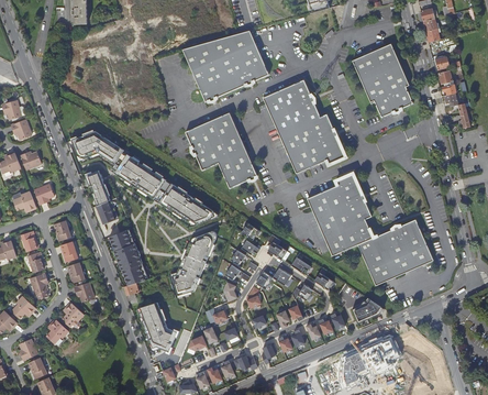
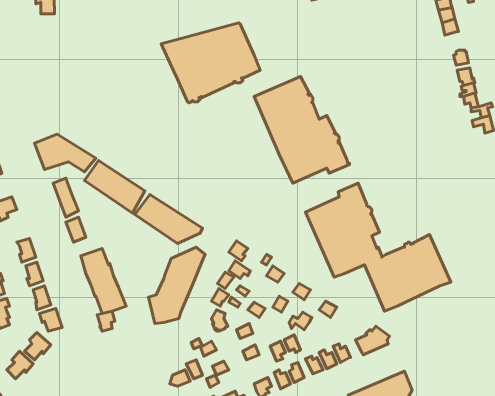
building: [351,41,412,116] -> none
building: [185,111,256,187] -> none
building: [138,301,177,349] -> none

